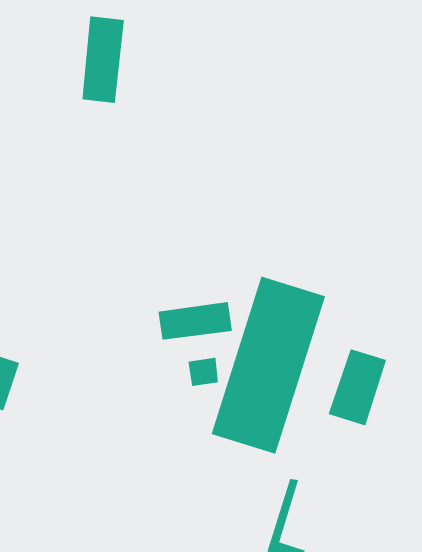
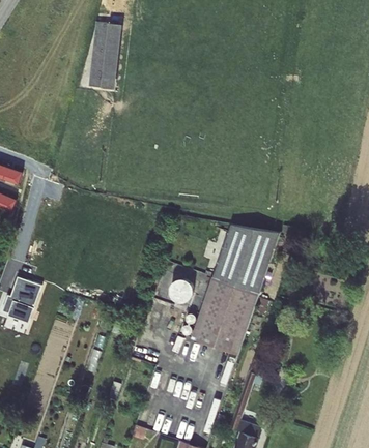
building: [157,301,233,340] -> none
building: [328,348,387,426] -> none

